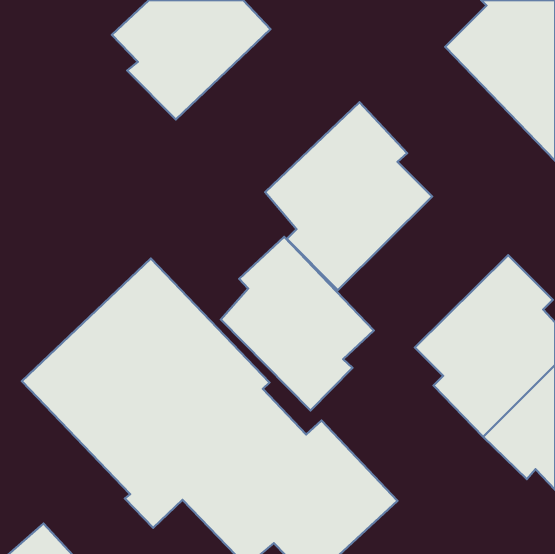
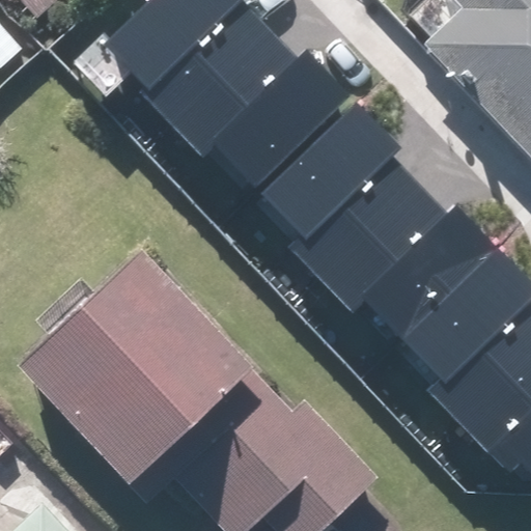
building: none -> [168,29,343,185]
building: none -> [323,189,485,333]
building: [221,237,374,410] -> none

